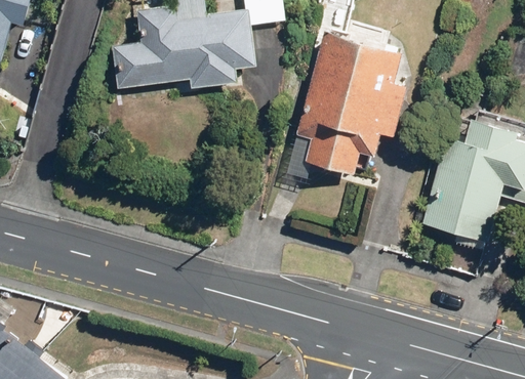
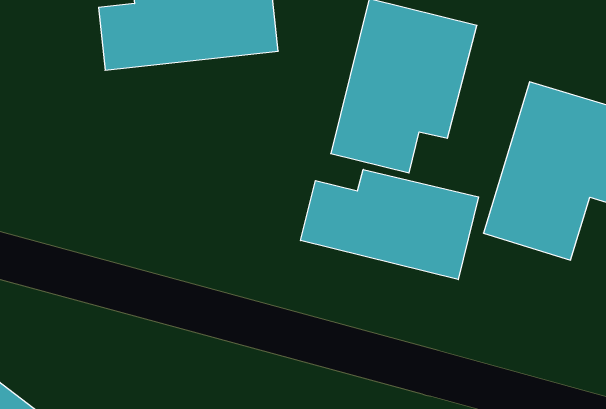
building: none -> [301,169,479,280]

